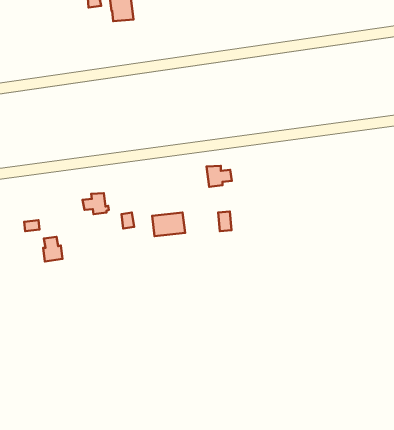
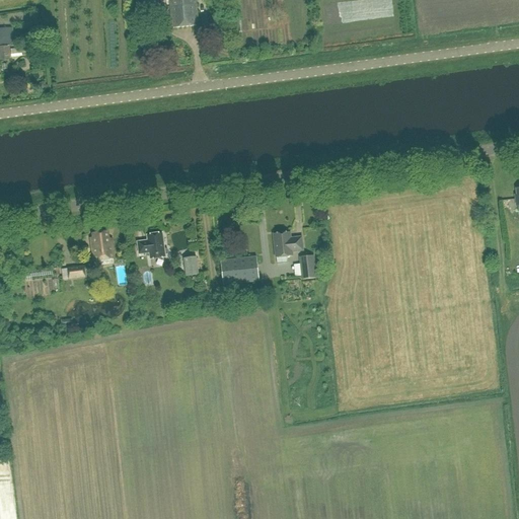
building: [207,166,232,187] -> [272,231,302,256]
building: [43,237,62,261] -> [90,230,114,260]

